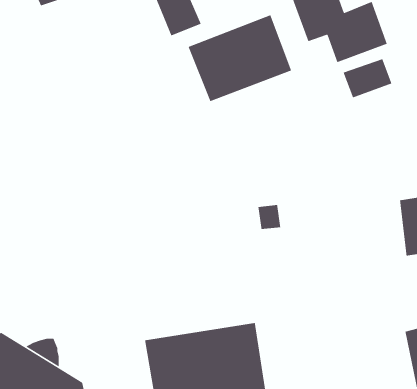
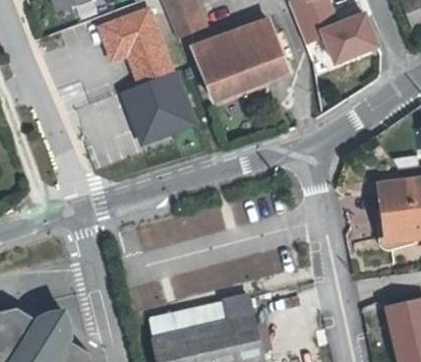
building: none -> [99,11,191,143]
building: [342,58,392,99] -> none

